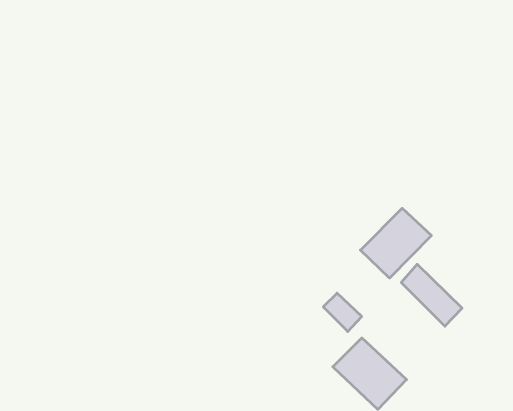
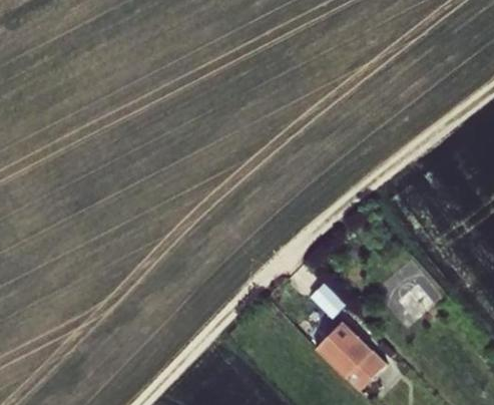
building: [360,208,431,278] -> none

